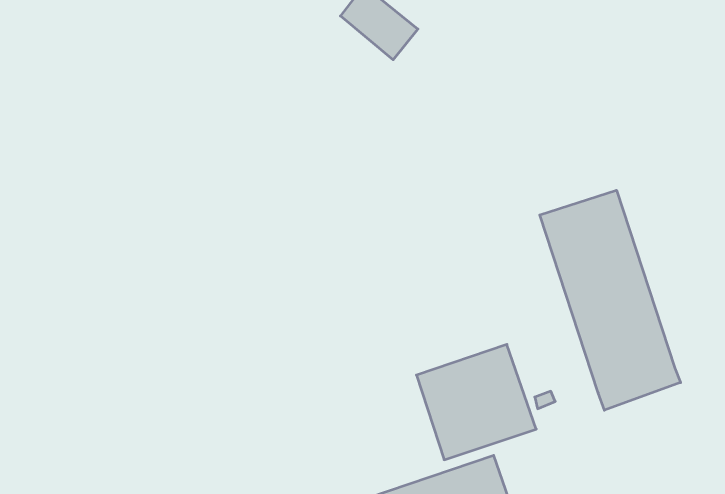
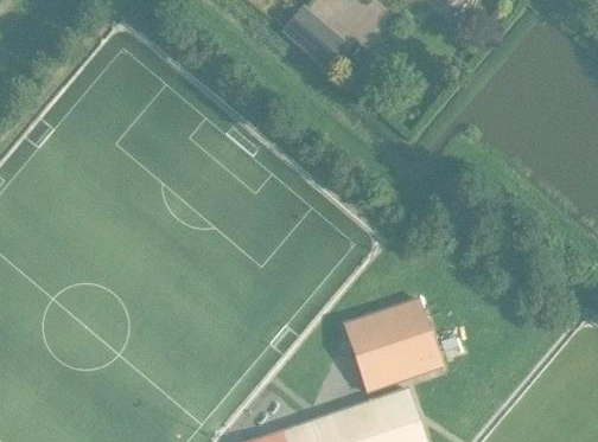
building: [540,190,681,410] -> none

